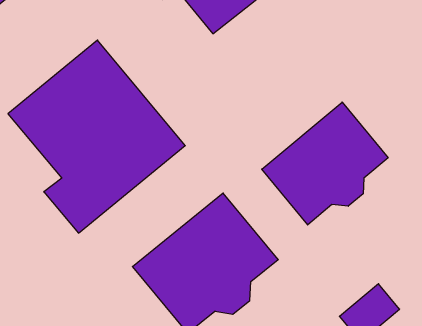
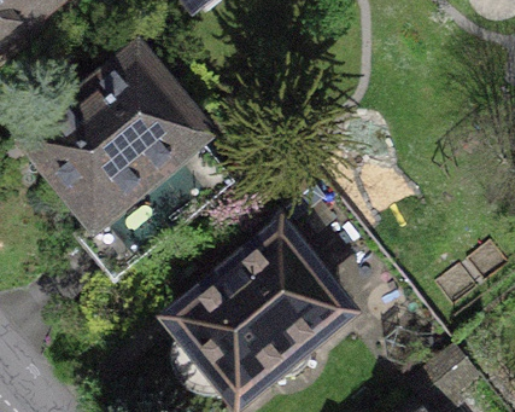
building: [262,102,388,225] -> none

